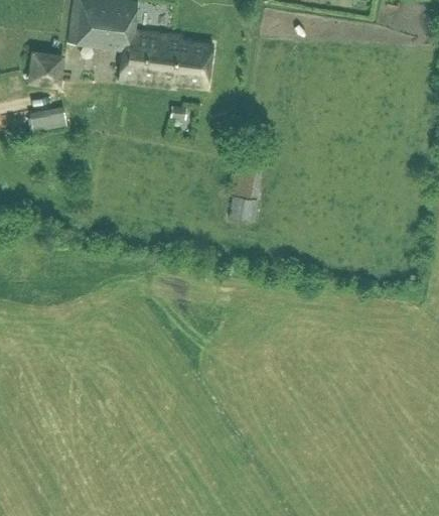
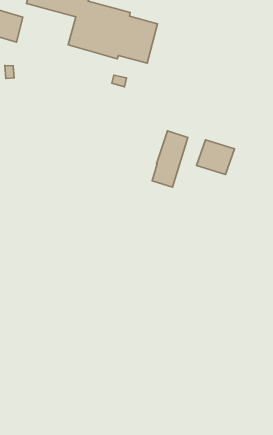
building: none -> [197,140,234,174]

